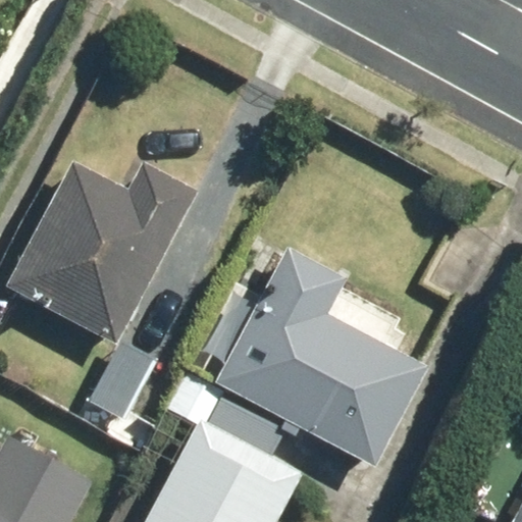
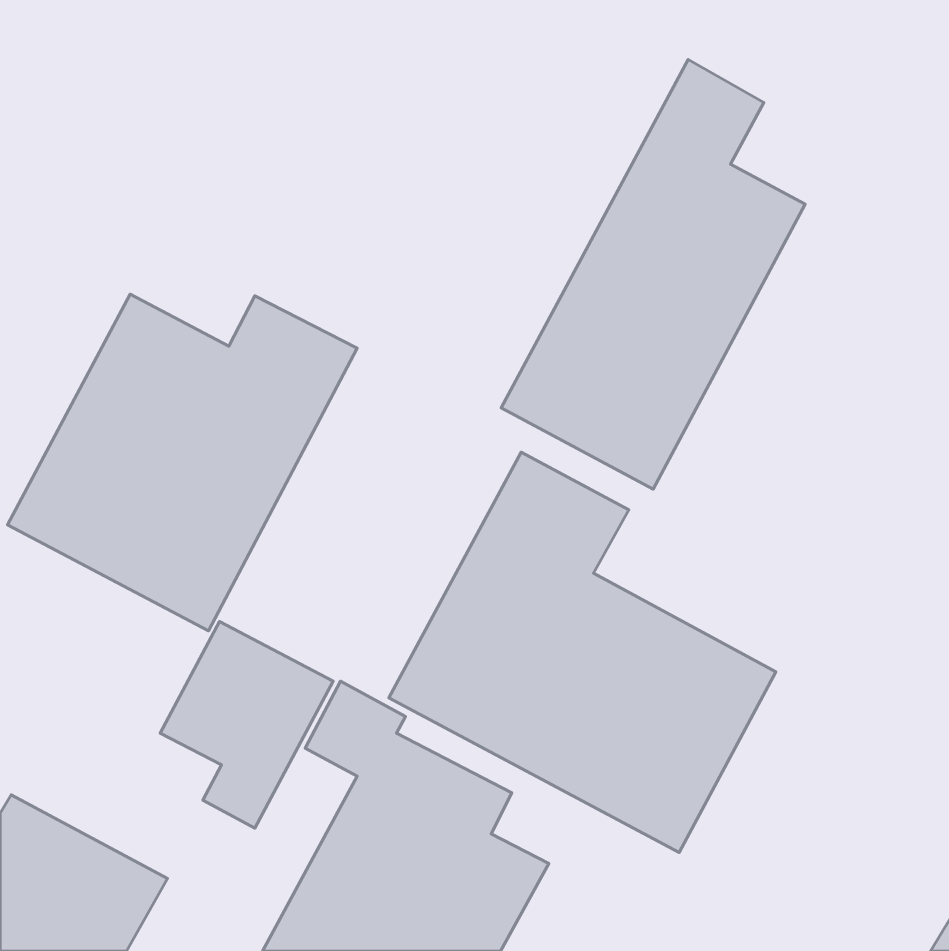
building: none -> [501,59,805,489]

